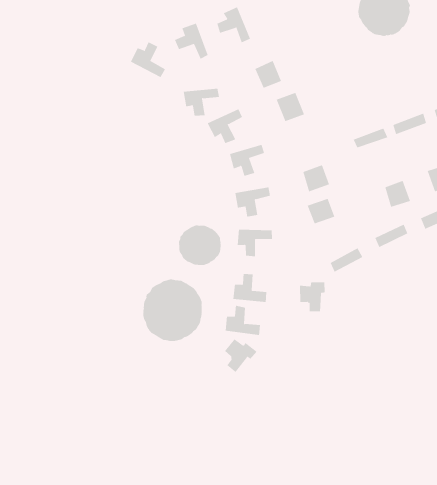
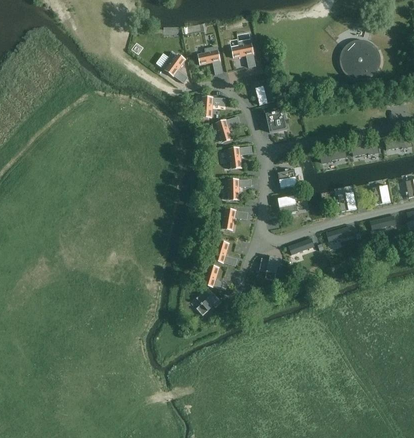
building: [178,225,221,266] -> none
building: [143,279,202,342] -> none

